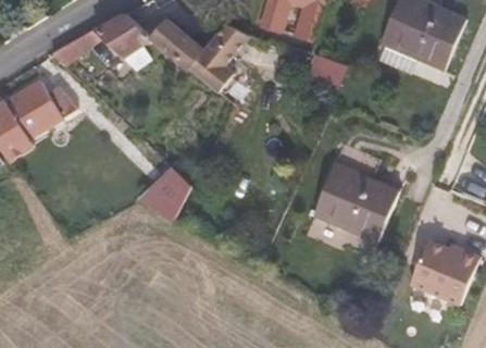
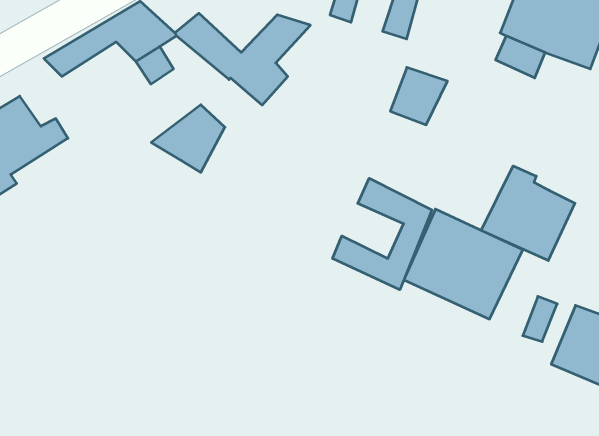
building: none -> [481,166,575,261]
building: none -> [333,178,432,290]
building: [136,169,189,217] -> [151,105,225,172]

